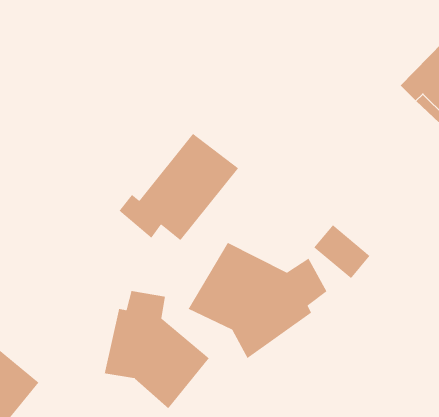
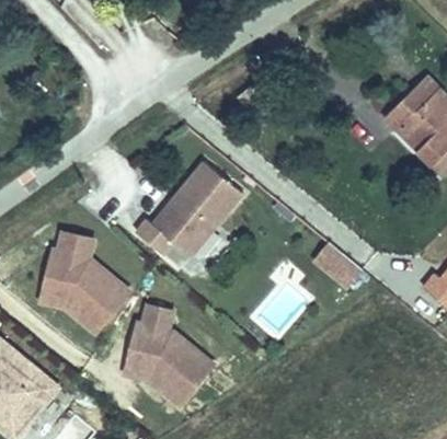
building: none -> [36,228,134,334]
building: [187,242,328,359] -> none

